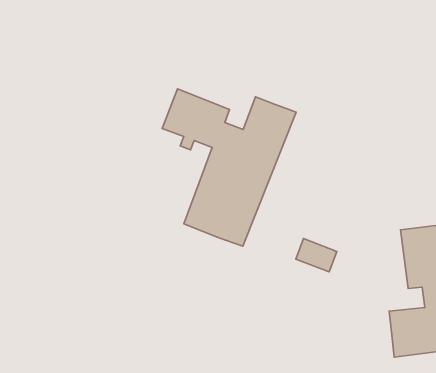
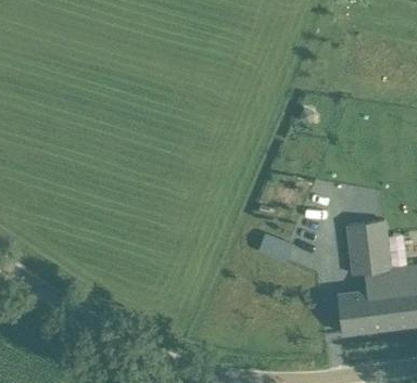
building: [162,89,296,246] -> none

